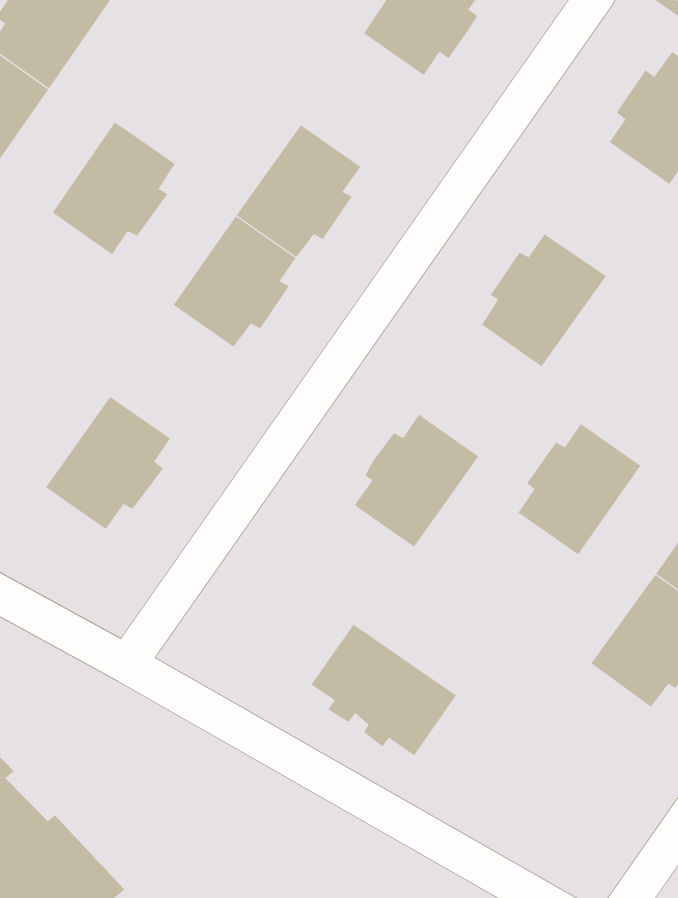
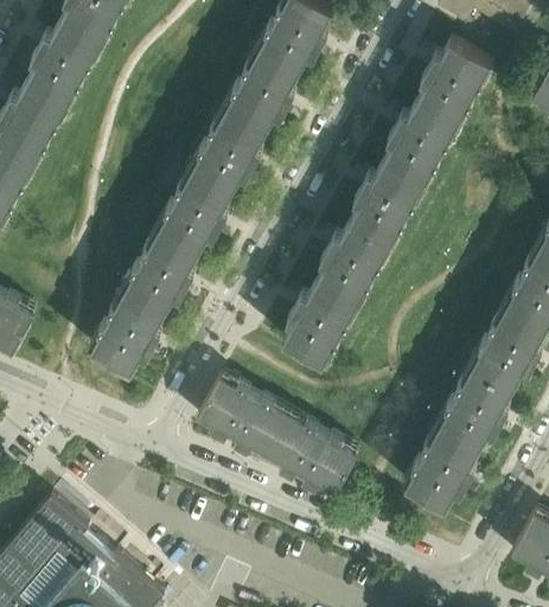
building: none -> [225,47,299,130]
building: [52,121,175,255] -> [125,228,198,311]
building: none -> [383,100,458,183]
building: [518,423,641,555] -> [317,221,390,302]
building: none -> [198,375,289,454]
building: none -> [406,423,479,507]

